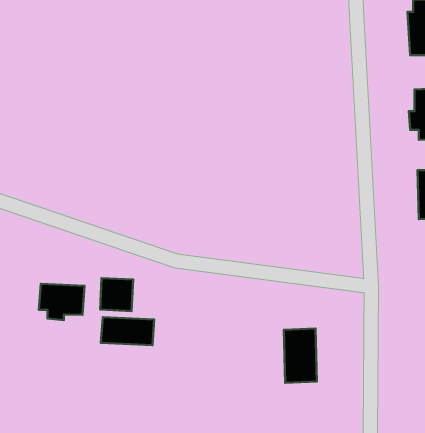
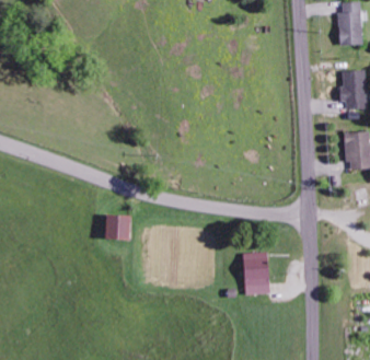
building: [39,284,84,320] -> none
building: [101,317,154,345] -> none

